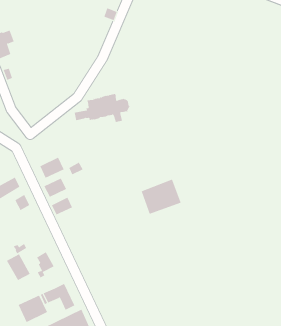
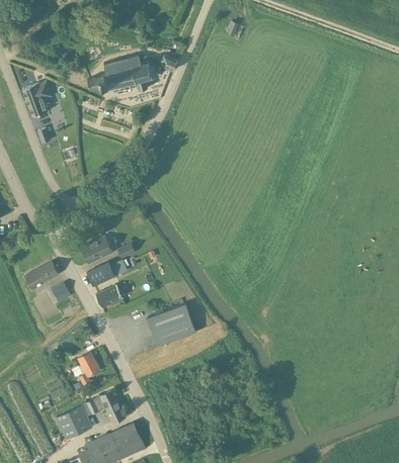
building: [74,92,131,123] -> [88,54,158,91]
building: [141,179,182,214] -> [147,303,196,347]
building: [6,254,31,281] -> none

